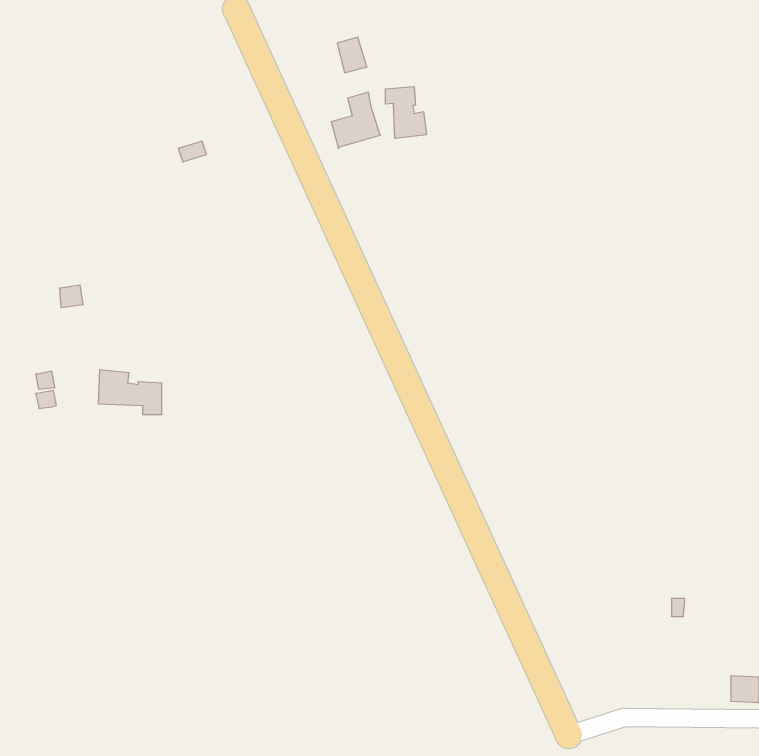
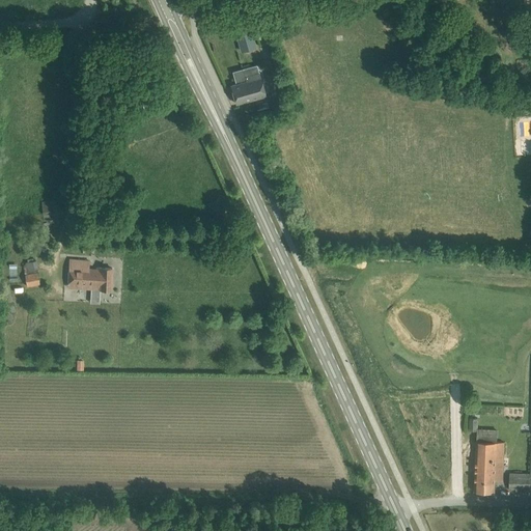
building: [385,87,426,138] -> none
building: none -> [475,443,504,494]

